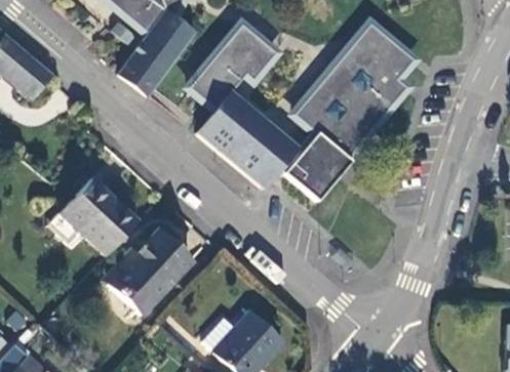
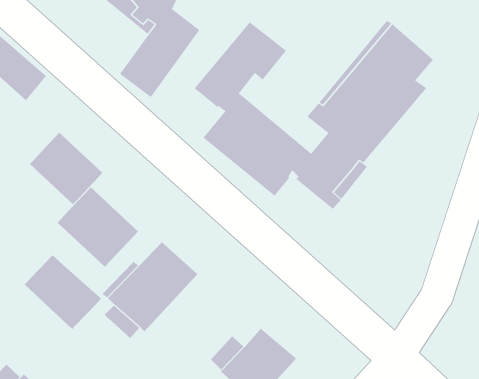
building: none -> [29,132,103,205]
building: none -> [24,254,102,330]

